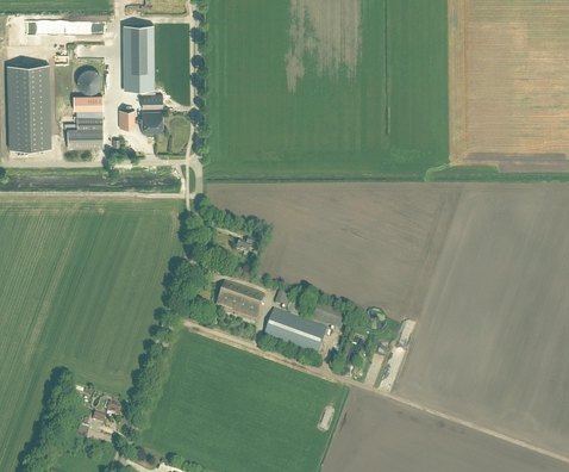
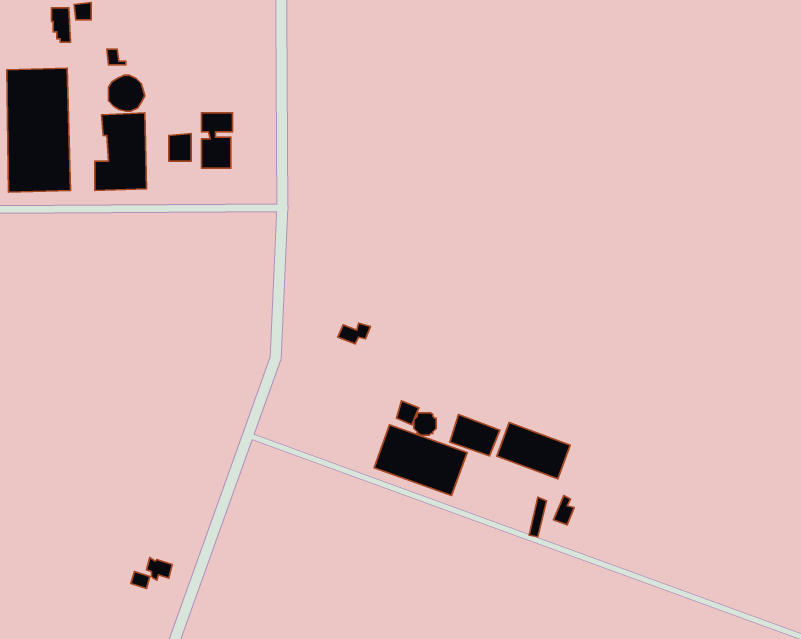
building: [123,23,155,88] -> none
building: [217,280,264,319] -> none
building: none -> [497,422,570,479]

